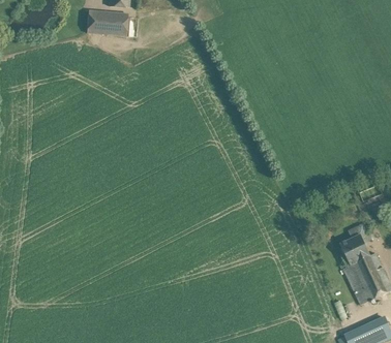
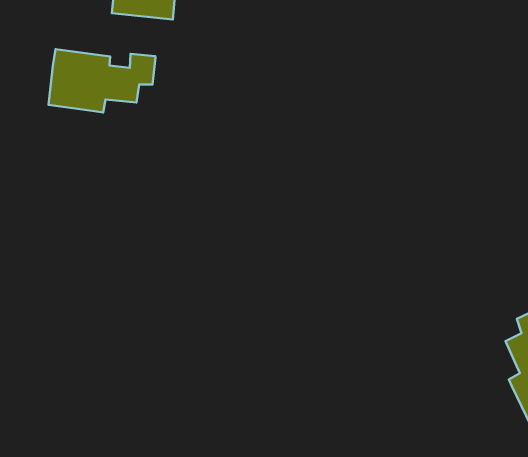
building: none -> [49,49,155,112]

